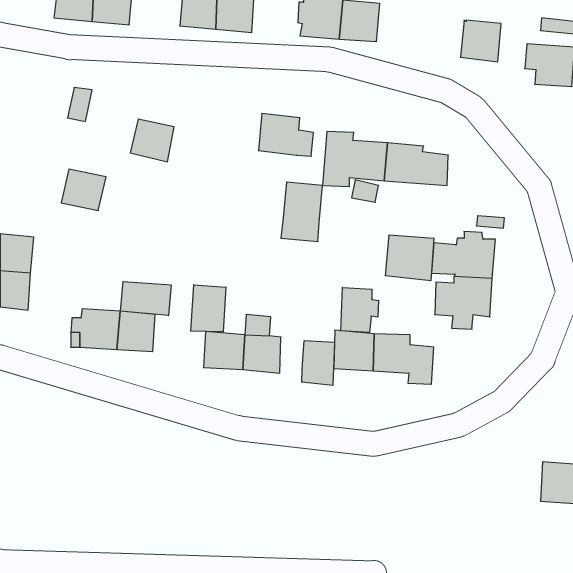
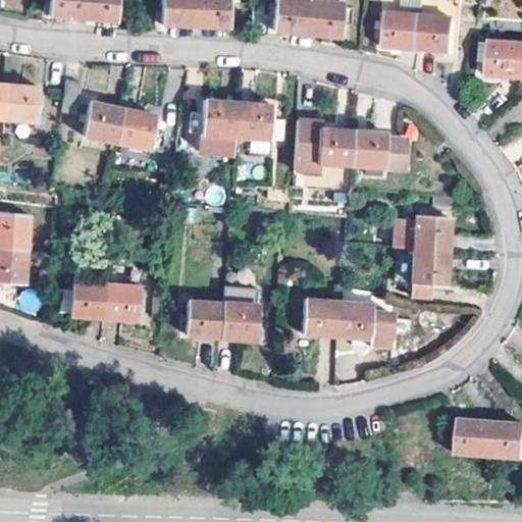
building: none -> [384,15,424,52]
building: none -> [5,85,42,120]
building: [61,169,106,211] -> [86,101,126,139]
building: [281,182,322,242] -> [201,100,239,154]
building: [385,235,434,281] -> none
building: [121,281,171,316] -> none
building: [191,285,226,332] -> none
building: [341,287,379,332] -> none
building: [302,341,334,385] -> none
building: none -> [457,416,493,455]

